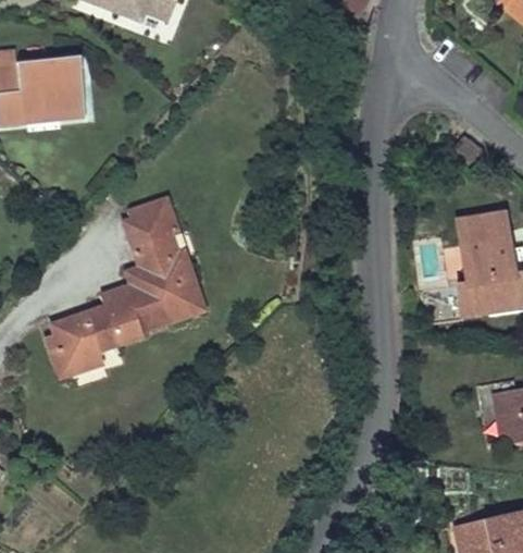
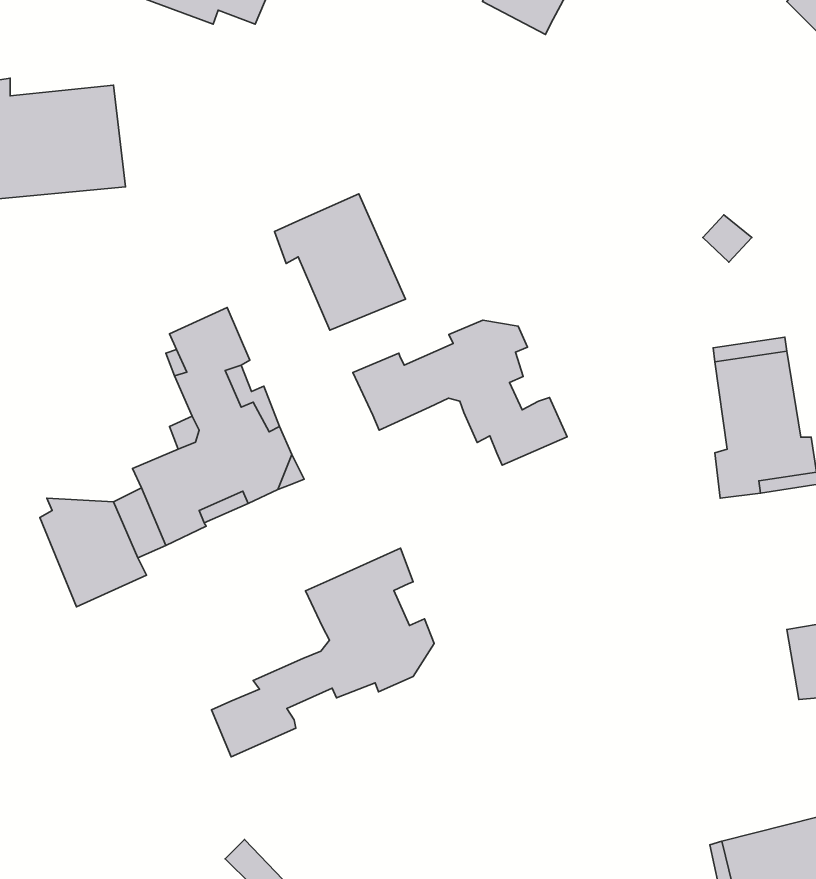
building: none -> [274,194,405,330]
building: none -> [353,320,567,465]
building: none -> [211,548,434,757]

